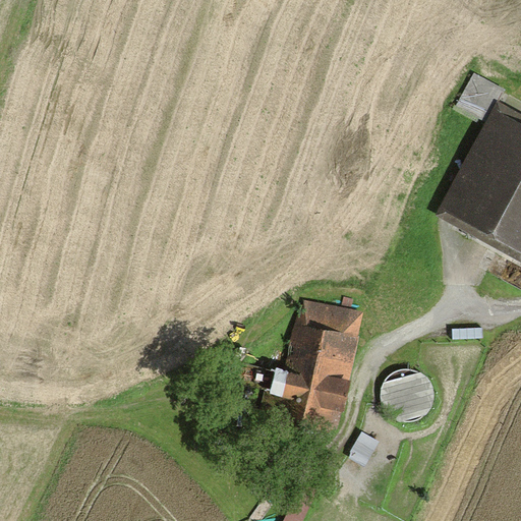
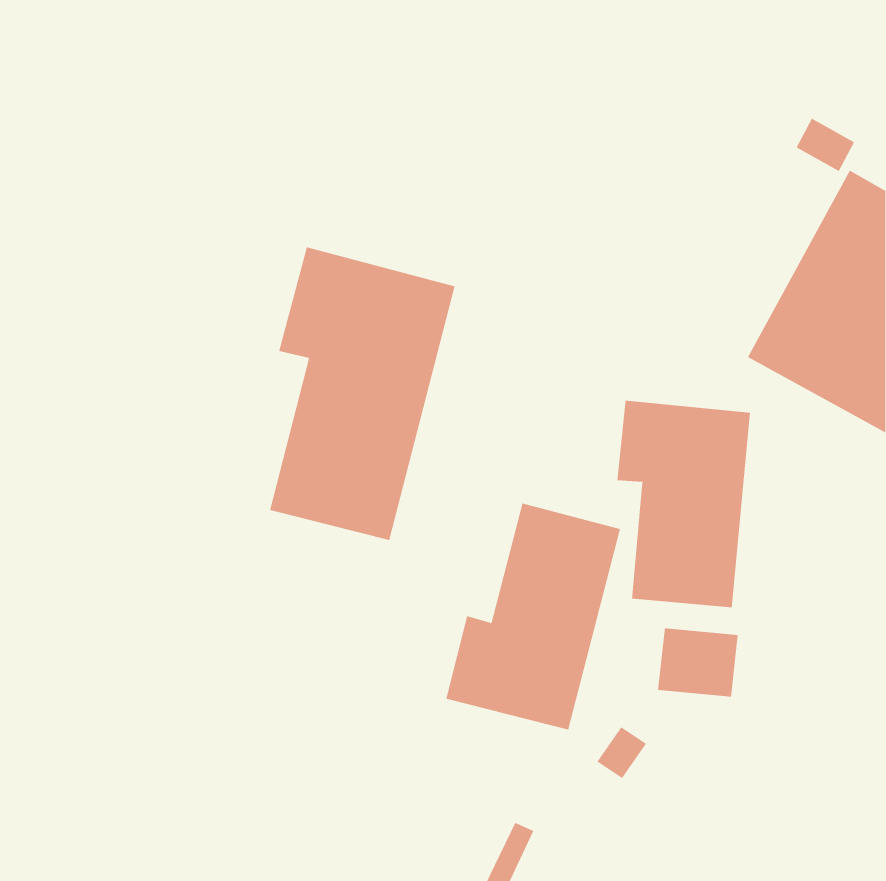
building: none -> [269,247,455,541]
building: none -> [617,400,751,608]

